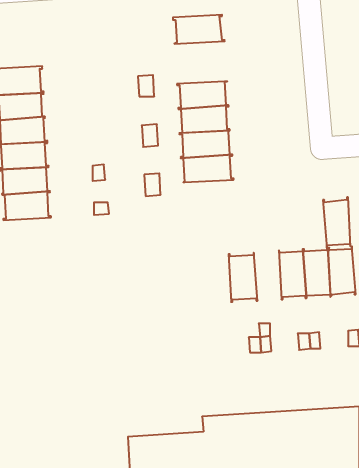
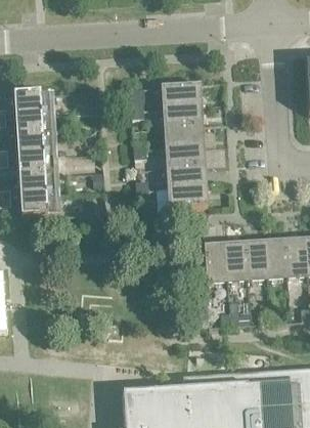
building: [173,15,225,44] -> [160,80,202,103]
building: none -> [166,181,209,205]
building: [323,197,351,248] -> [223,239,246,280]

